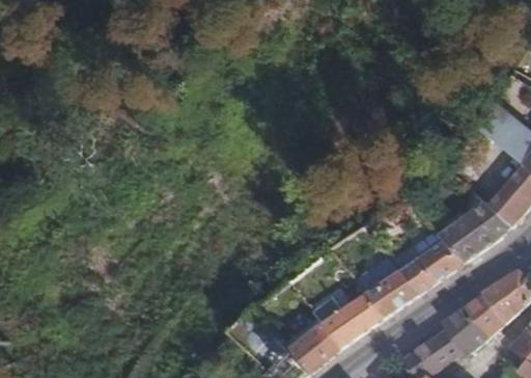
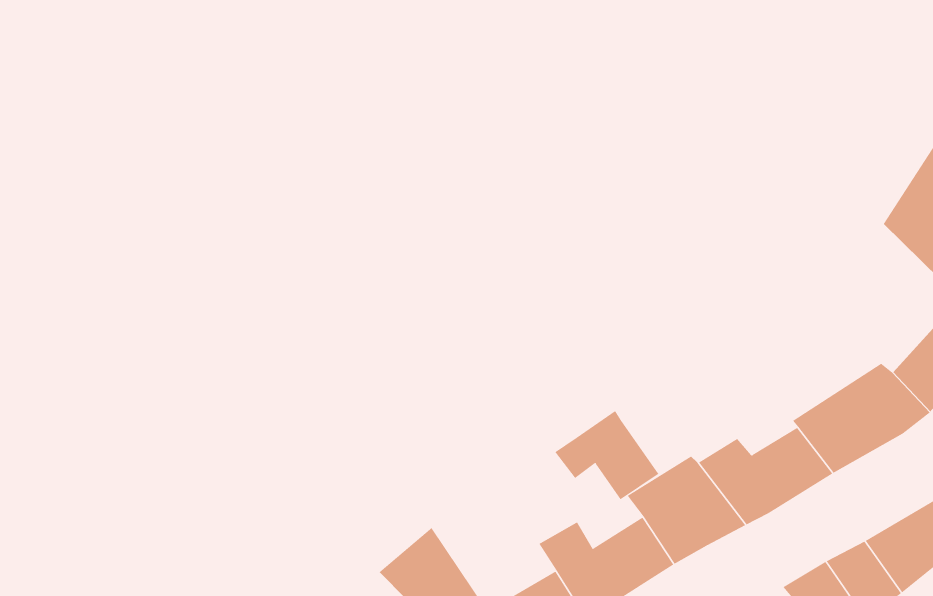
building: none -> [555,410,659,500]

